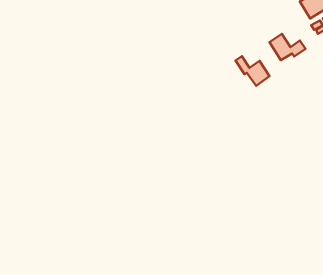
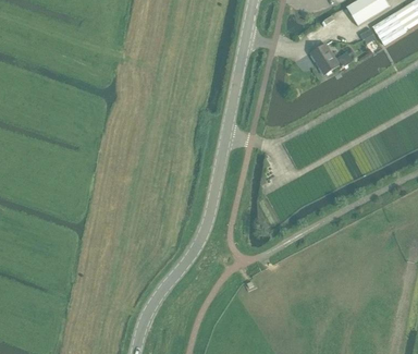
building: [235,56,269,86] -> none

